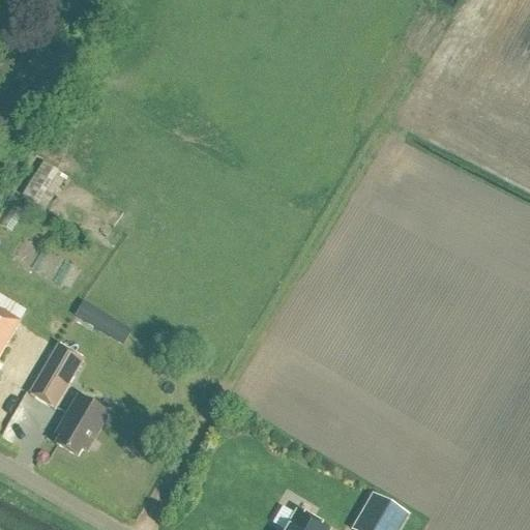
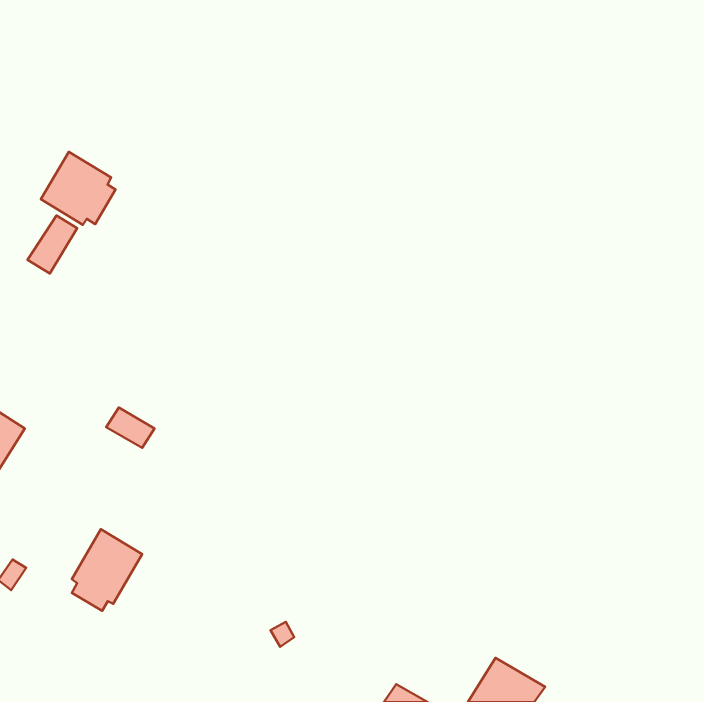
building: none -> [41,152,116,225]
building: [34,337,92,404] -> none

